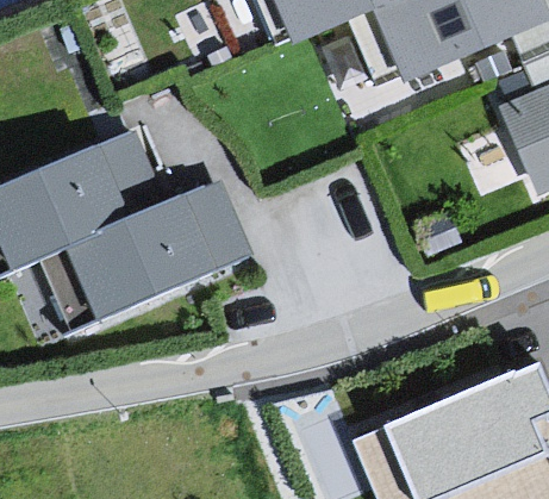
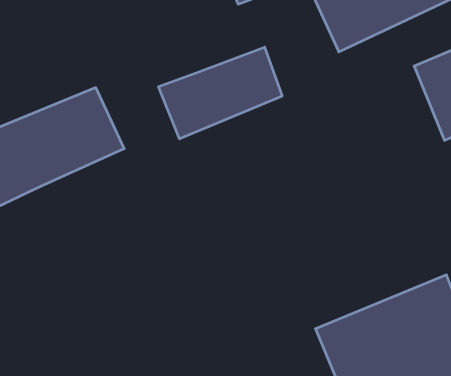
building: none -> [159,47,282,139]
building: [63,183,245,325] -> none

